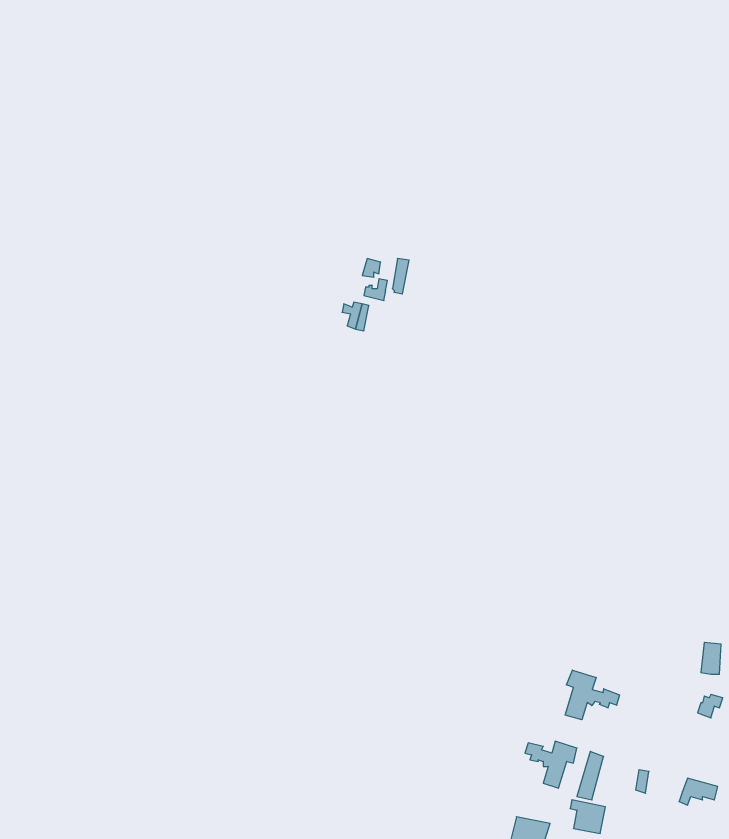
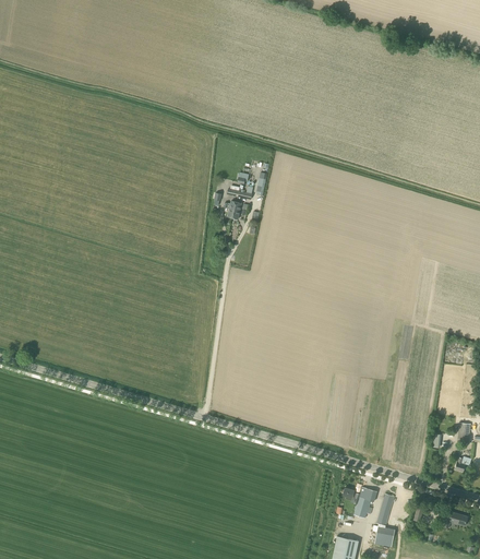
building: [565,670,619,720] -> none

